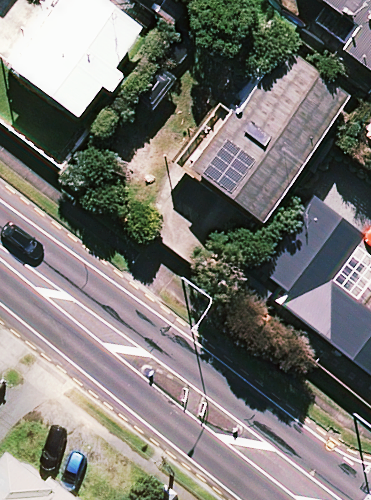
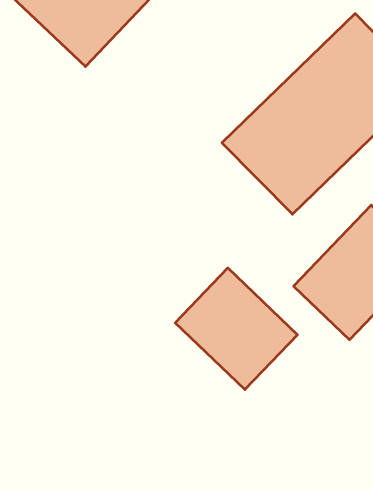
building: none -> [175,268,297,390]

